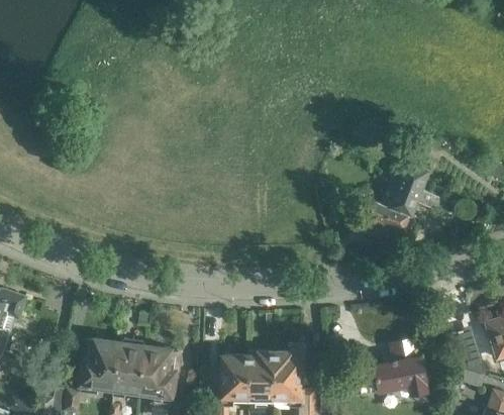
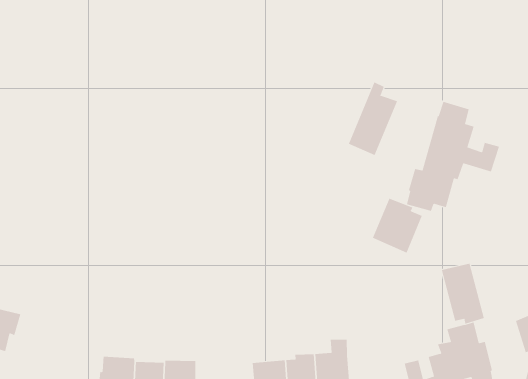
building: none -> [348,81,398,156]
building: none -> [372,198,423,253]
building: none -> [441,263,484,324]

